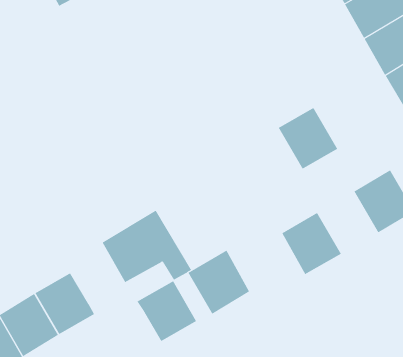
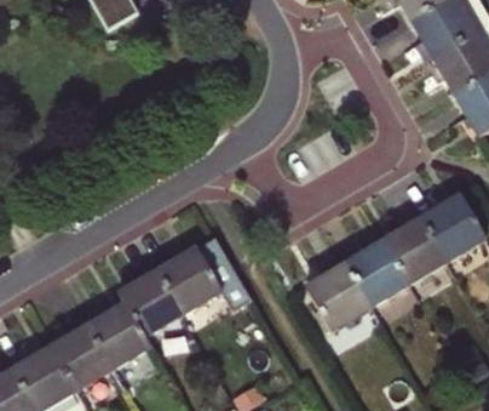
building: [278,107,338,170] -> [382,218,445,284]
building: [187,250,250,315] -> [304,262,369,330]
building: [137,281,197,342] -> [119,272,182,336]

